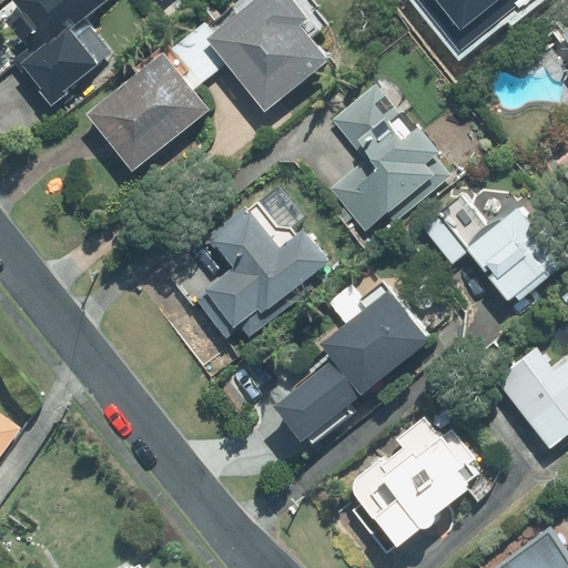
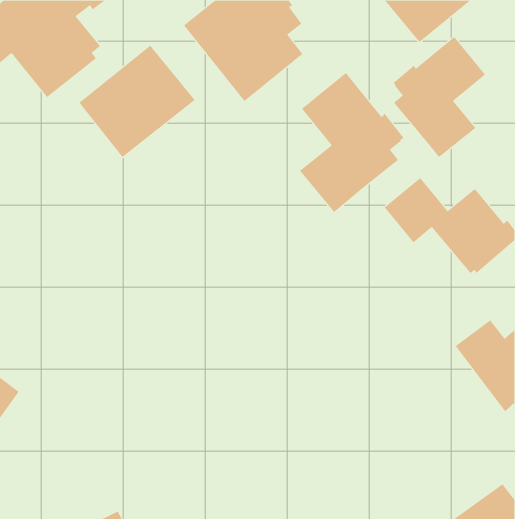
building: none -> [393,36,486,158]
building: [195,201,329,337] -> none
building: [276,282,433,445] -> none
building: [346,415,475,557] -> none

